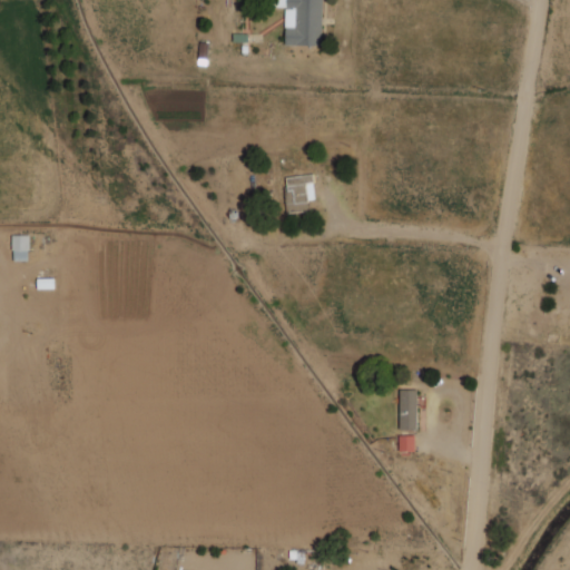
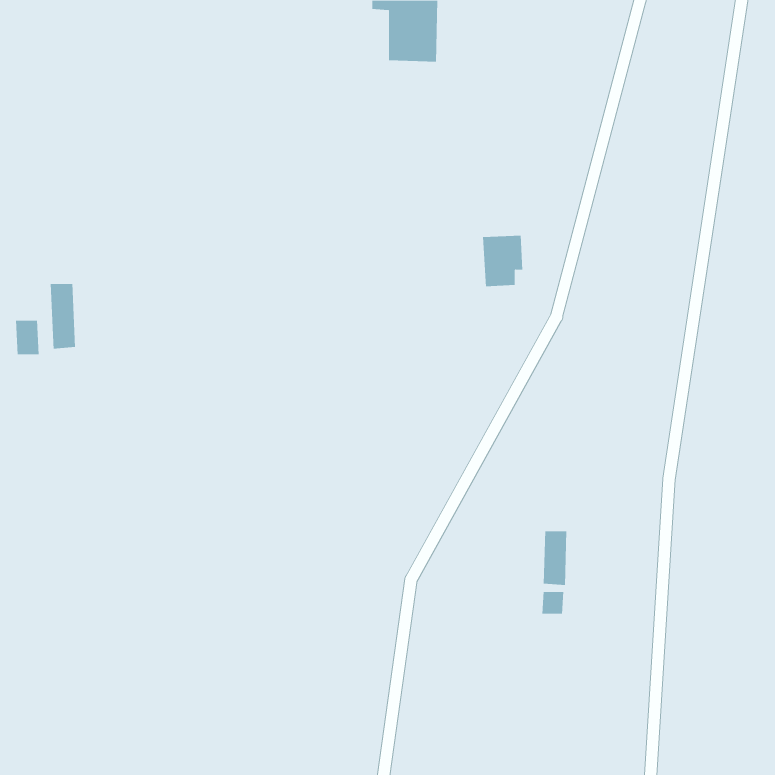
building: [284,175,314,213] -> [482,235,523,287]
building: none -> [50,283,76,349]

